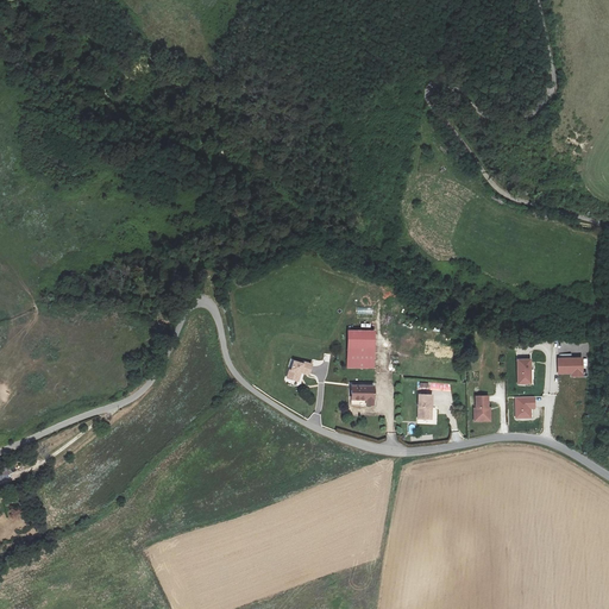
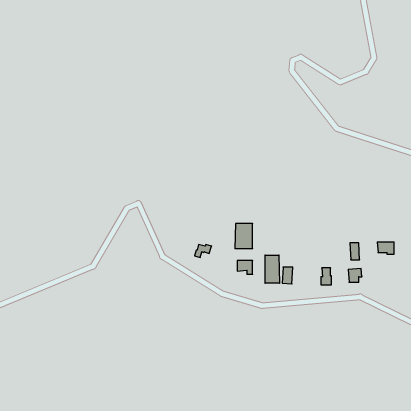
building: none -> [265,255,280,283]

